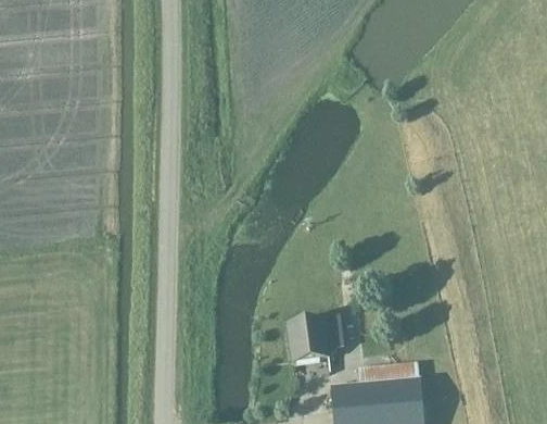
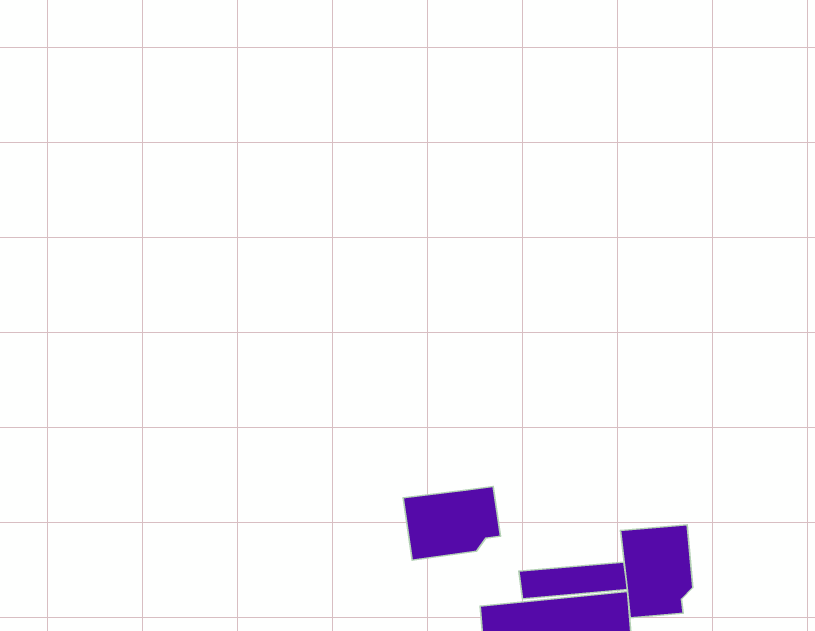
building: none -> [621,525,693,618]

